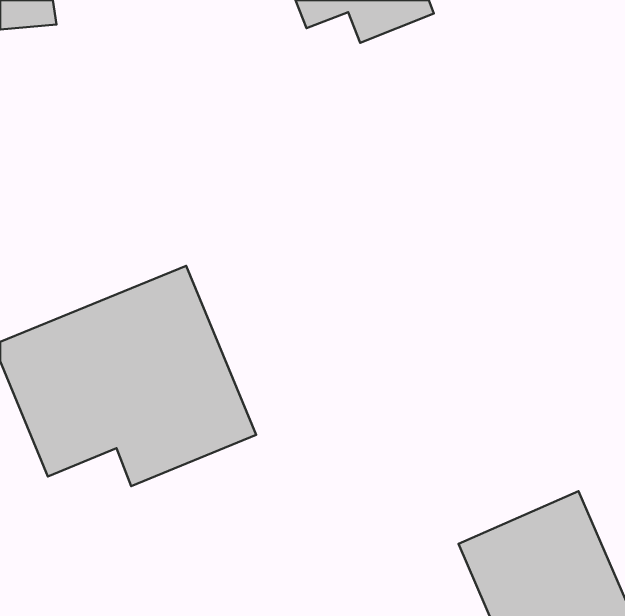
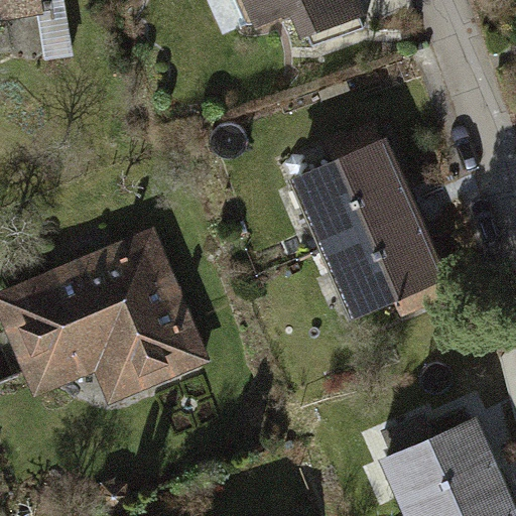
building: none -> [290,137,441,318]

